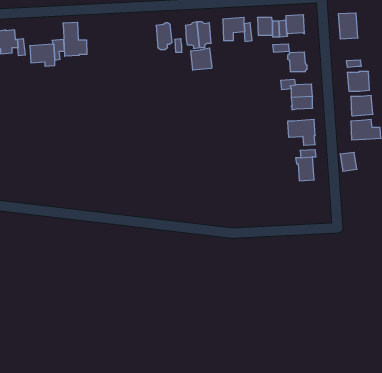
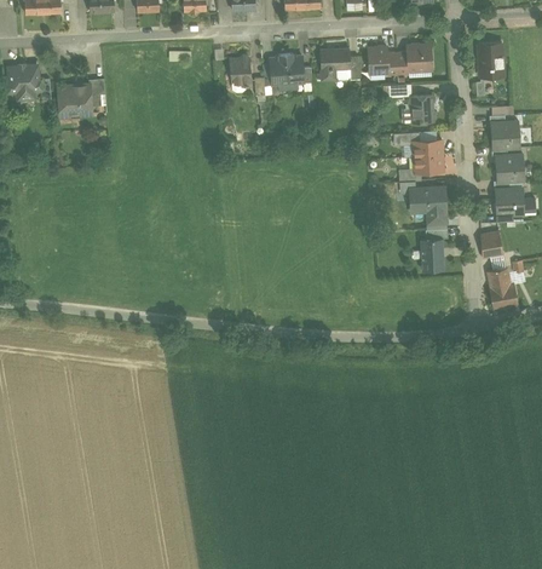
building: [63,22,87,56] -> none
building: [191,48,212,70] -> none
building: none -> [486,268,517,308]

